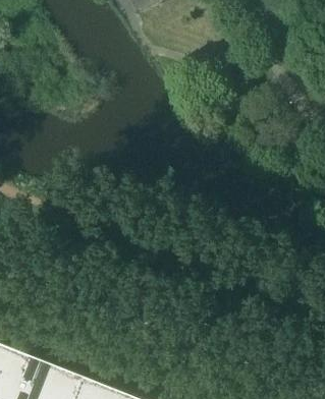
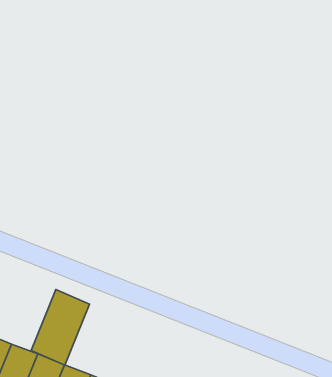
building: none -> [31,289,90,365]

